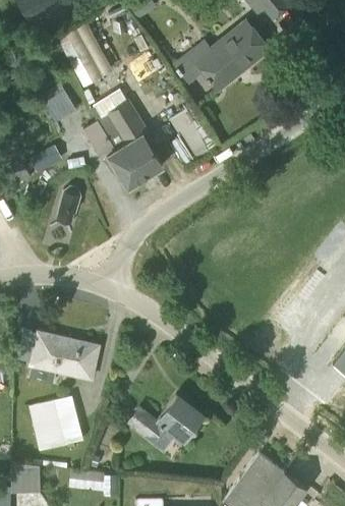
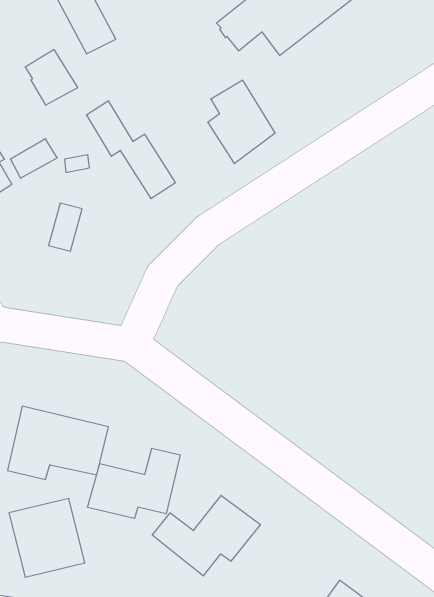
building: [92,91,162,177] -> none
building: none -> [88,448,180,518]

